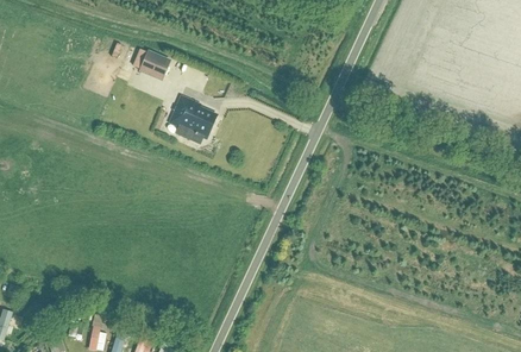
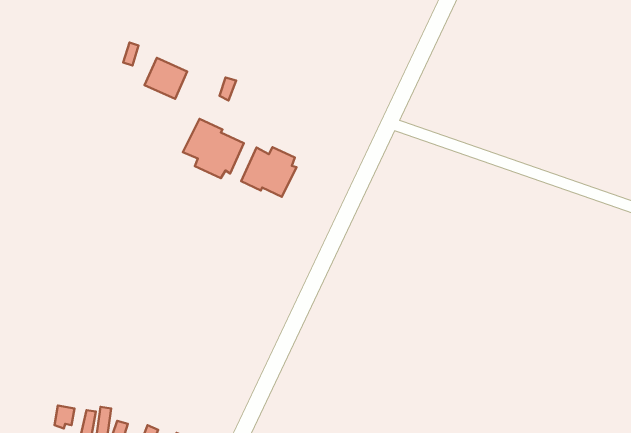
building: none -> [241,147,296,197]

